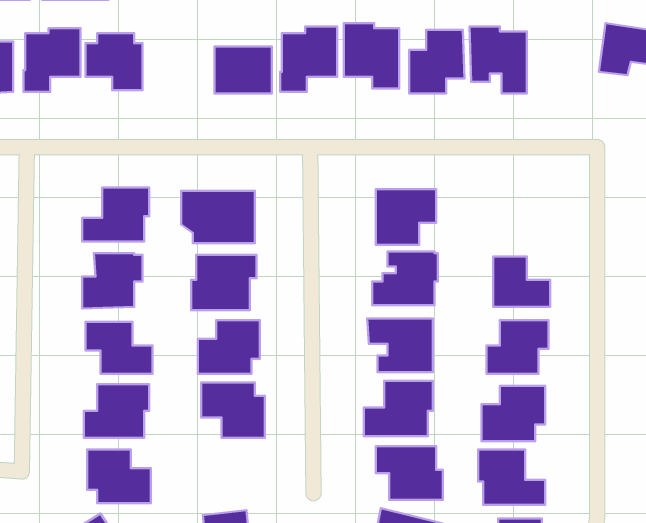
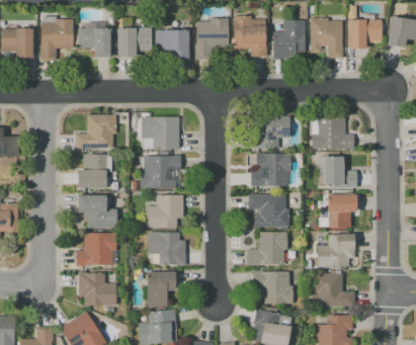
building: none -> [349,20,381,49]
building: none -> [118,28,151,57]
building: none -> [312,118,353,150]
building: none -> [146,273,175,308]

